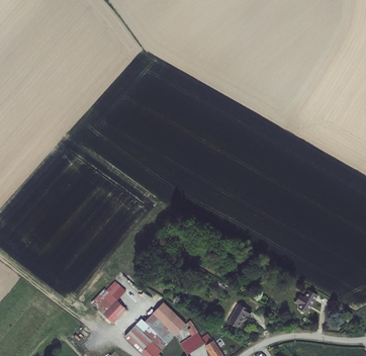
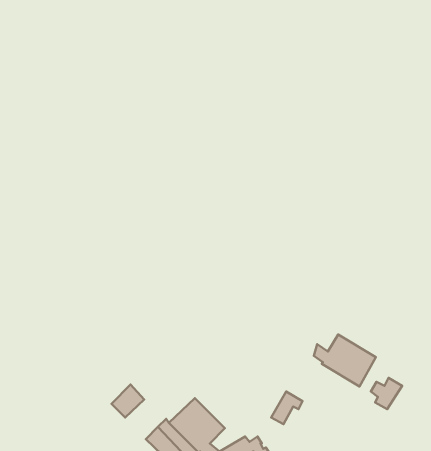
building: none -> [314,334,376,386]

